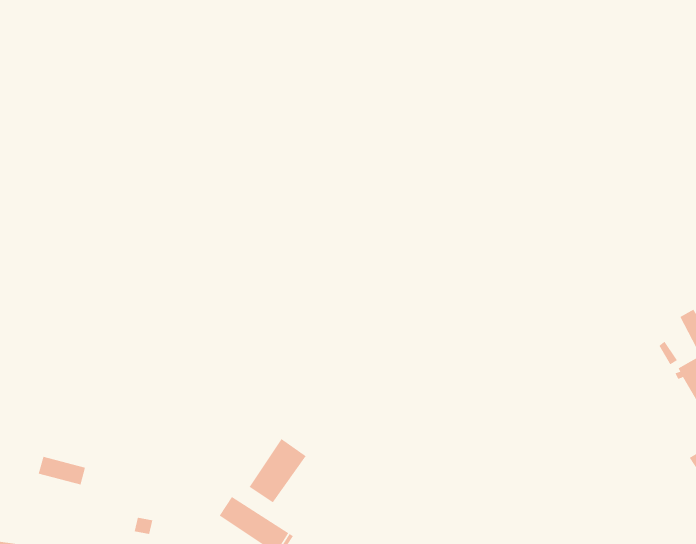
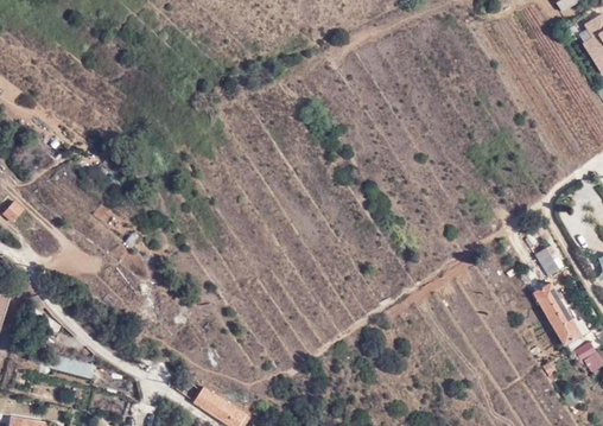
building: [249,438,307,503] -> none

